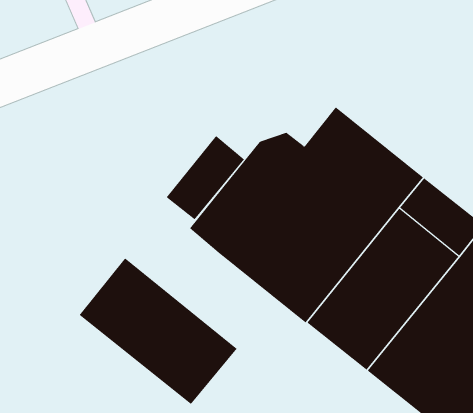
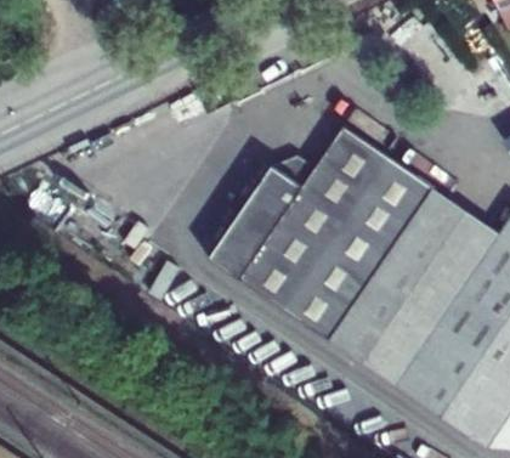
building: [166,135,245,220] -> none
building: [79,258,237,405] -> none

